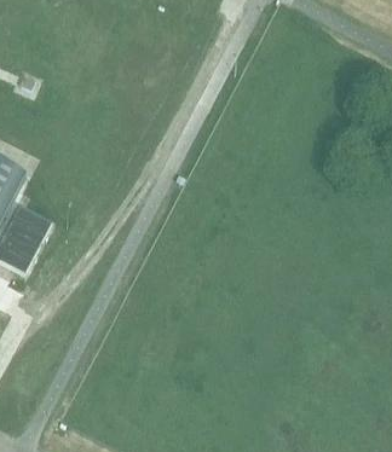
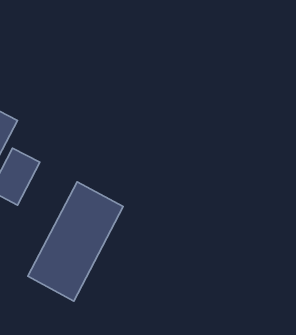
building: none -> [28,182,123,301]

